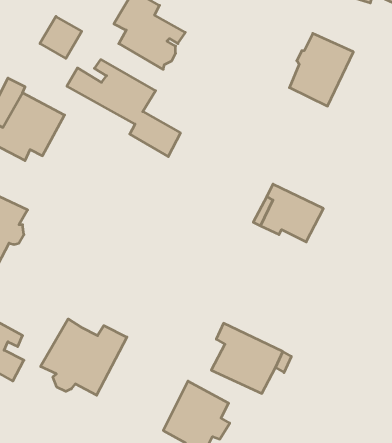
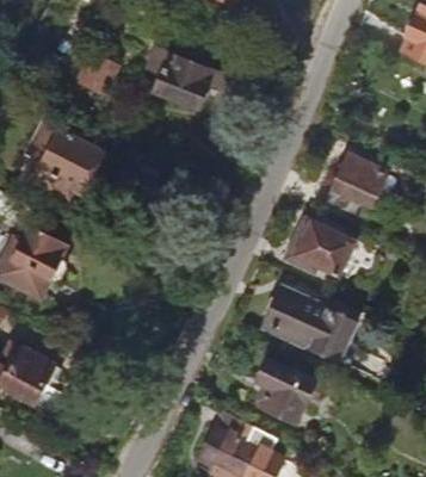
building: [289,33,353,106] -> [323,156,385,227]
building: [67,60,180,157] -> none
building: none -> [261,289,350,359]
building: [41,319,127,395] -> none

